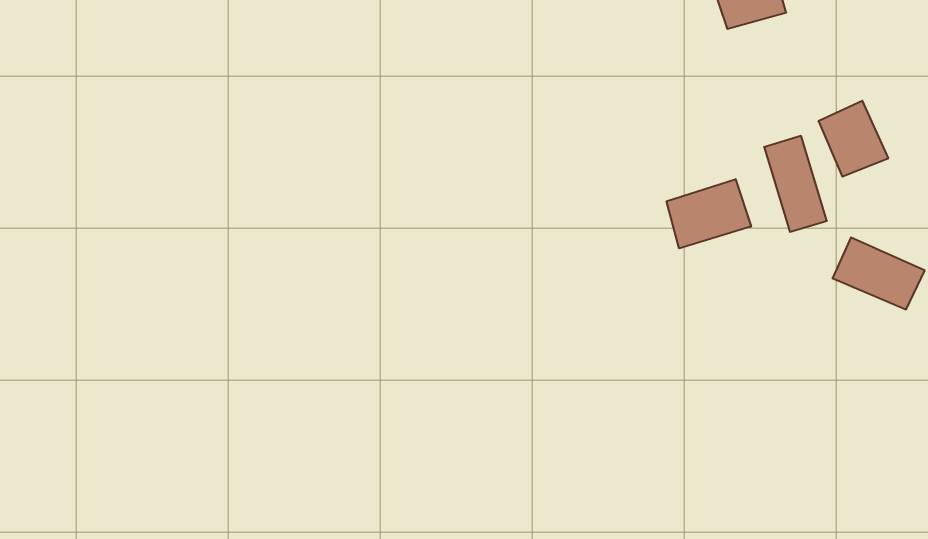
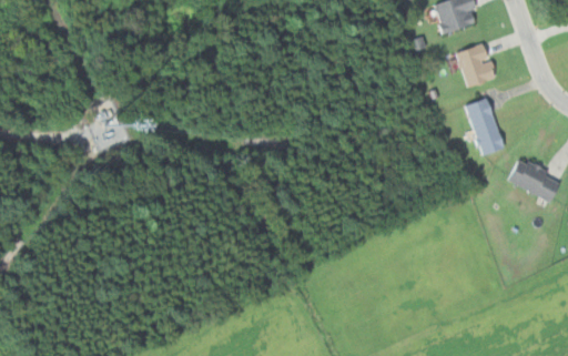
building: [818,101,888,177] -> [455,42,497,88]
building: [667,179,751,248] -> none

